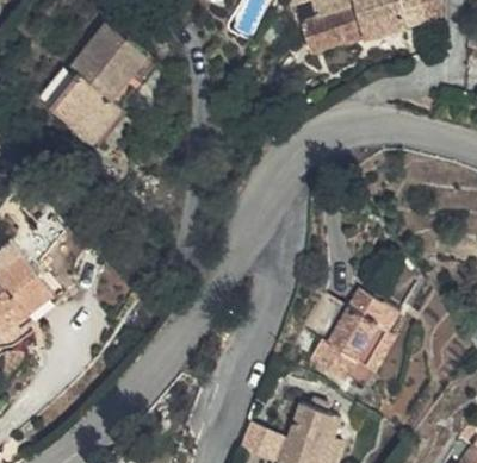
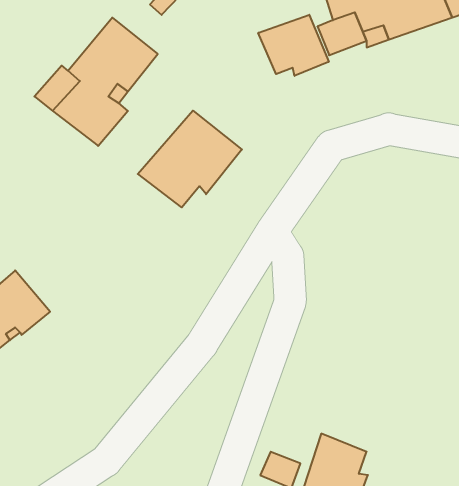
building: none -> [258,15,329,76]
building: none -> [138,111,242,207]
building: [312,290,394,383] -> none

